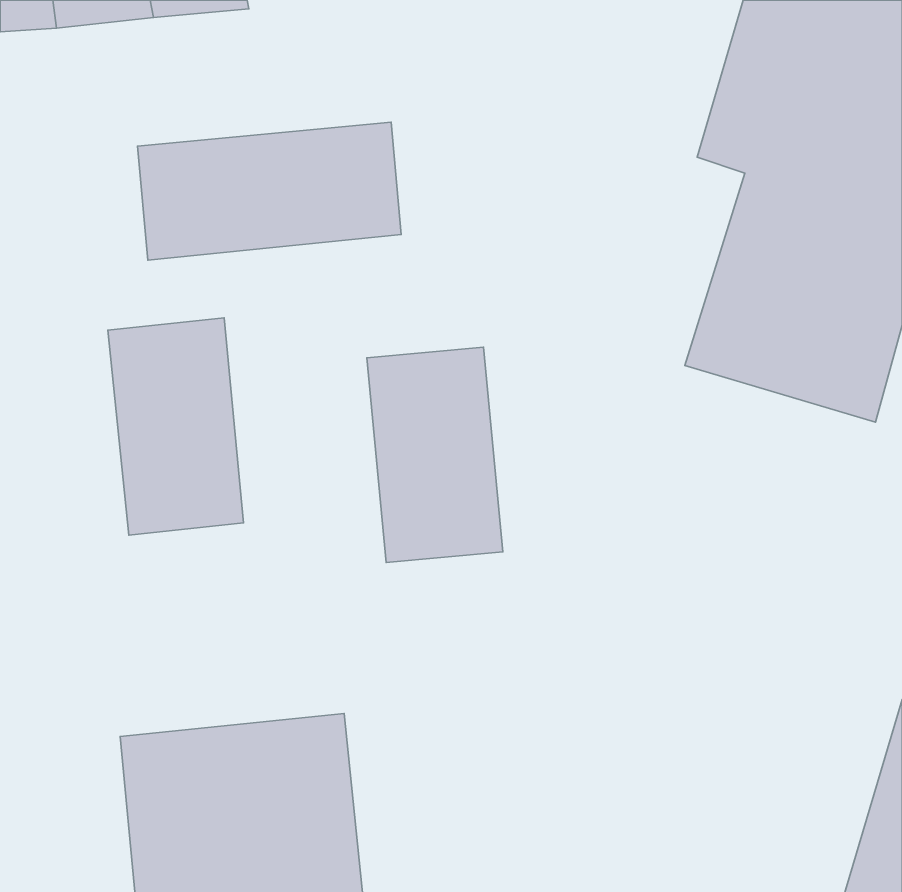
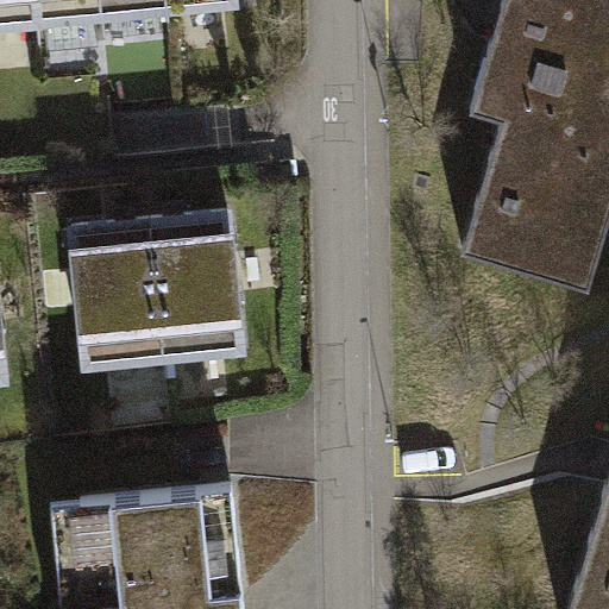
building: [138,122,401,260] -> none
building: [367,347,503,563] -> [151,214,243,359]

